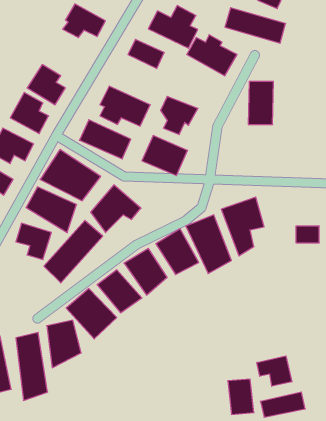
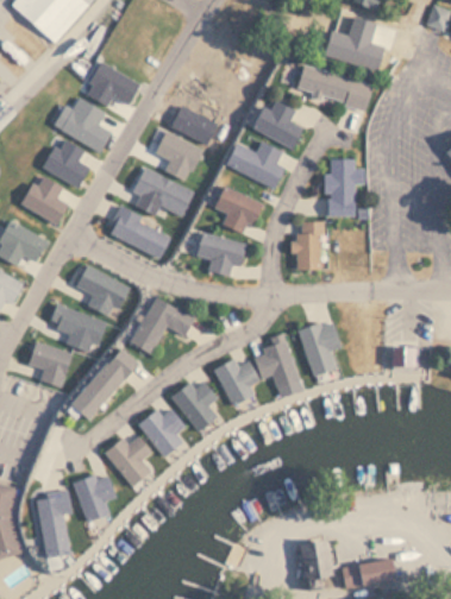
building: [148,5,198,48] -> [221,137,284,191]
building: none -> [58,97,114,150]
building: none -> [159,132,205,179]
building: none -> [295,219,328,271]
building: [257,356,292,386] -> none

